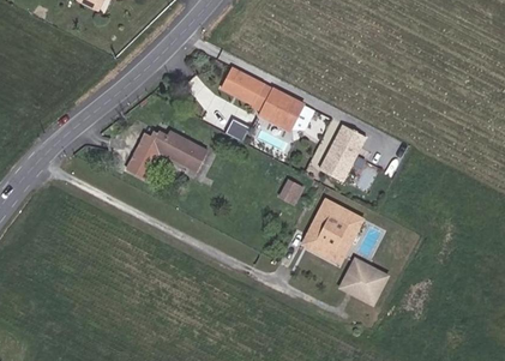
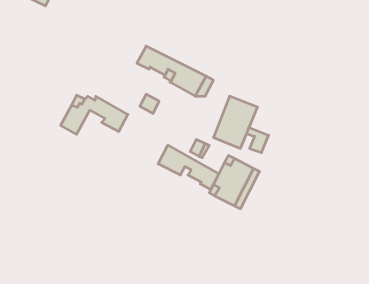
building: none -> [158,145,219,190]
building: [343,258,383,302] -> none

